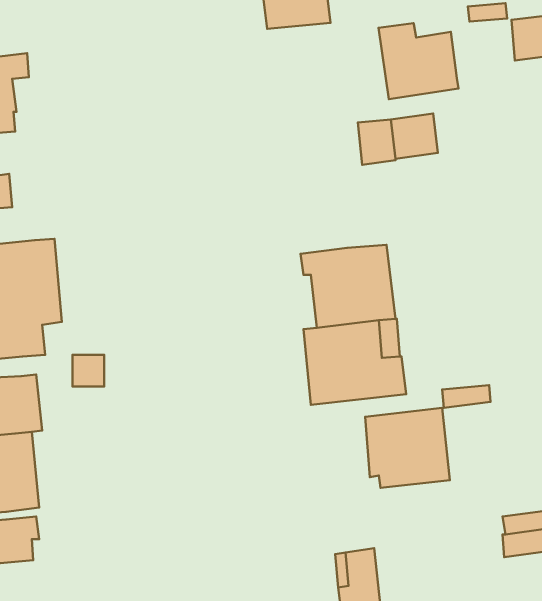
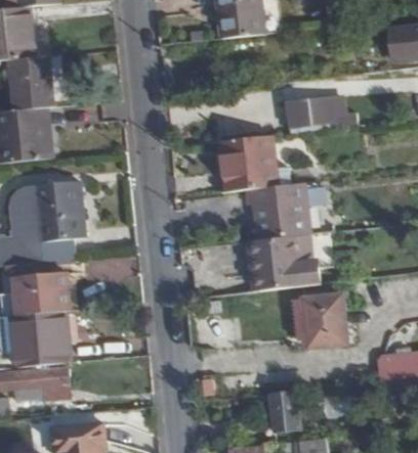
building: [379,23,458,99] -> none
building: none -> [218,135,277,191]

